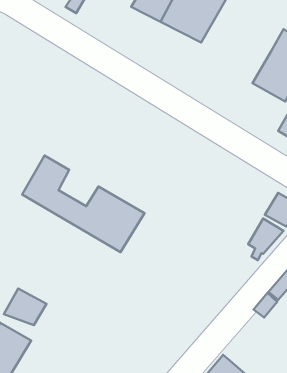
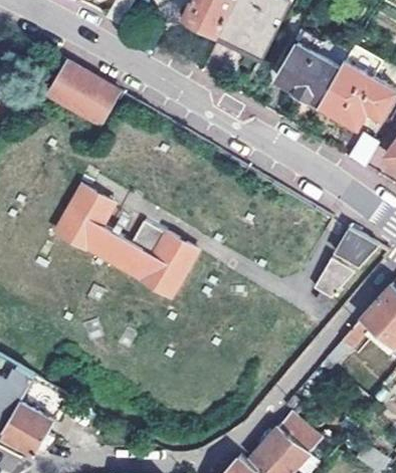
building: none -> [276,44,341,110]
building: none -> [46,65,118,128]
building: [4,288,47,325] -> none

